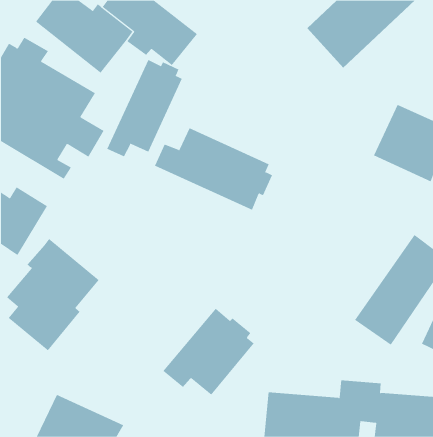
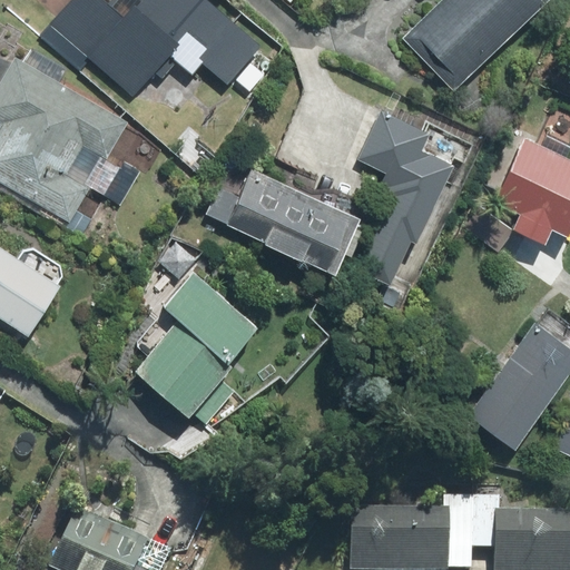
building: [106,59,182,157] -> none
building: none -> [356,110,450,285]
building: [6,238,99,351] -> [135,271,256,417]
building: [163,308,254,395] -> none

